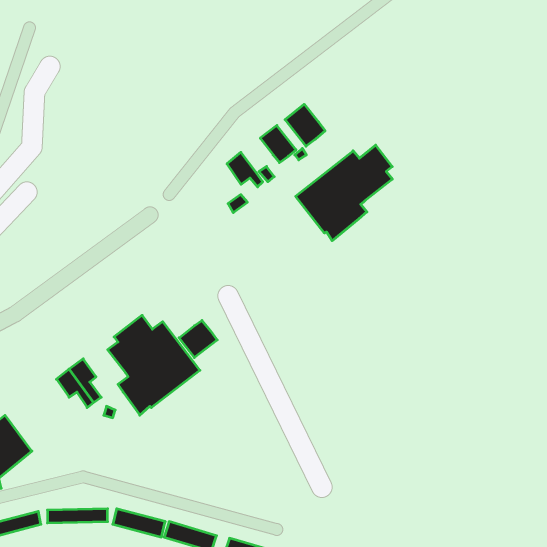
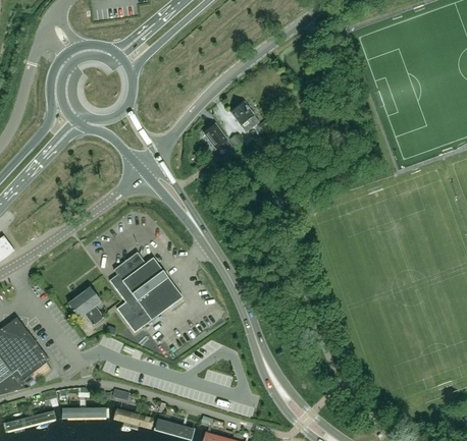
building: [285,104,325,146] -> none
building: [296,145,392,241] -> none
building: [179,320,217,358] -> none

